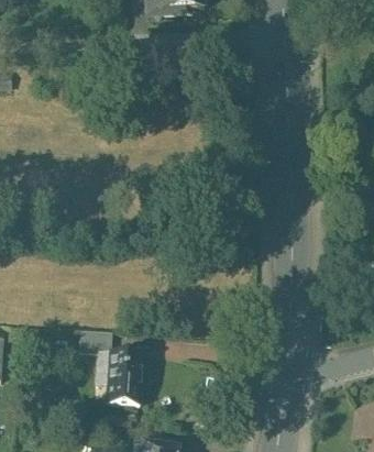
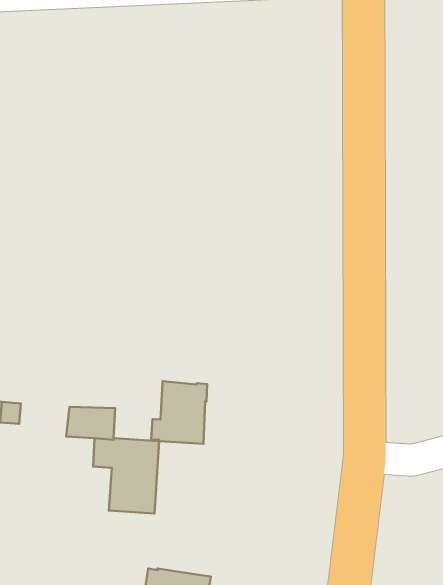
building: none -> [151,381,207,444]

